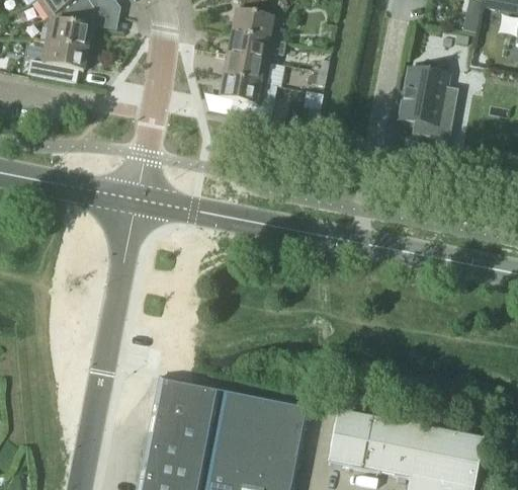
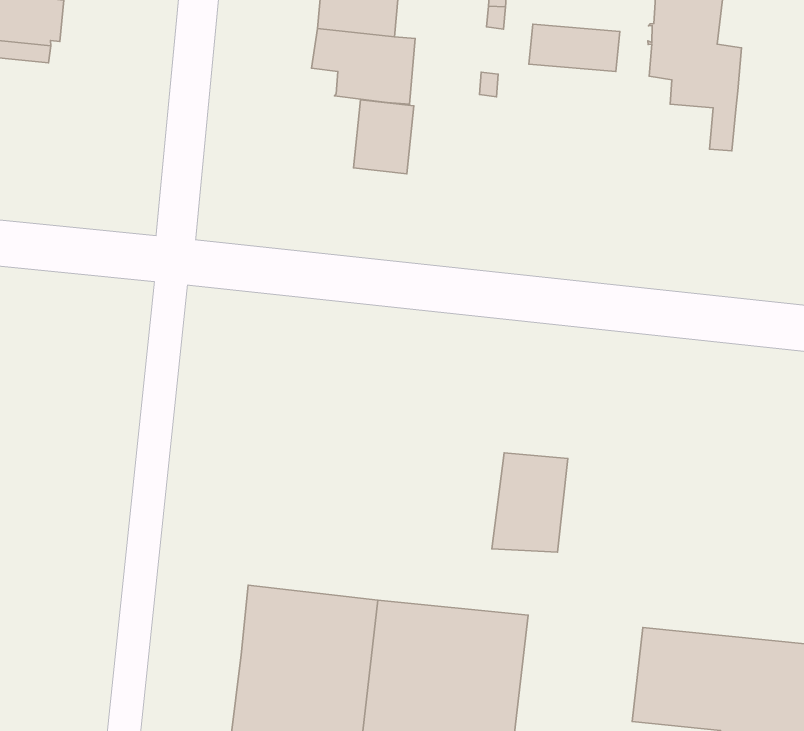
building: none -> [529,24,620,72]
building: none -> [354,100,414,174]
building: [327,412,372,469] -> [492,453,568,552]

